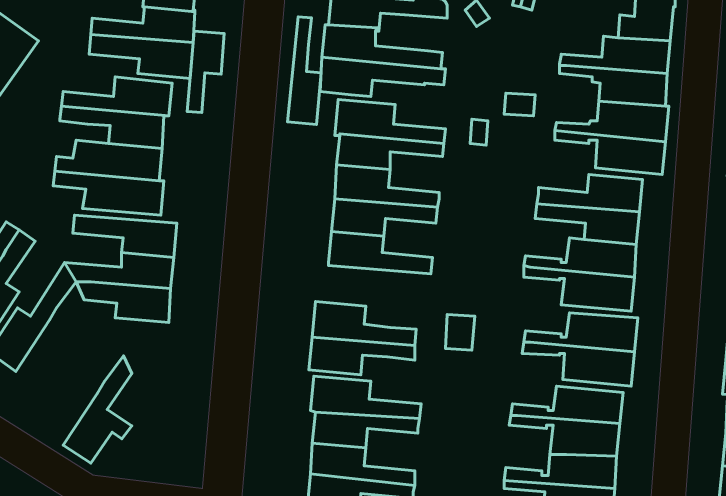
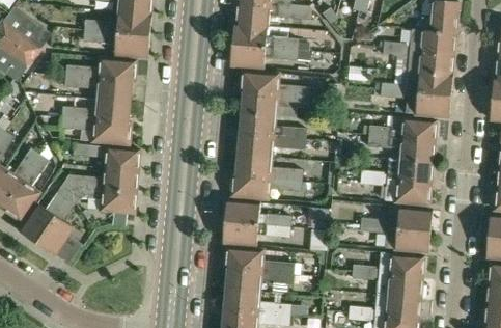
building: [287,17,321,125] -> none
building: [187,31,224,112] -> none
building: none -> [231,174,302,199]
building: [63,356,132,463] -> [37,187,81,255]

